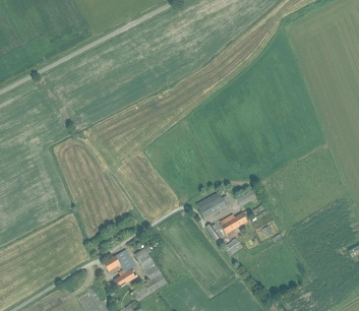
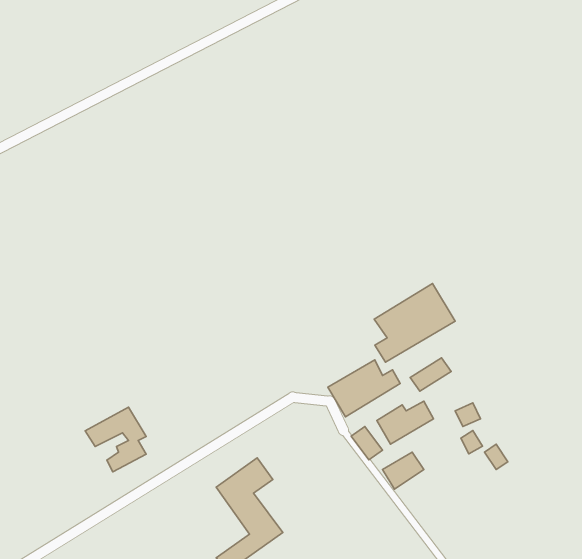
building: none -> [374,283,455,362]
building: [102,253,133,287] -> [85,407,146,472]

